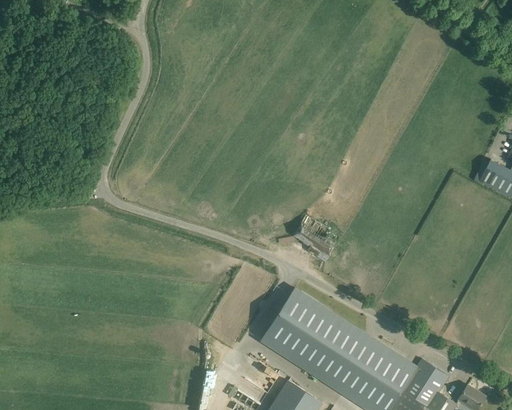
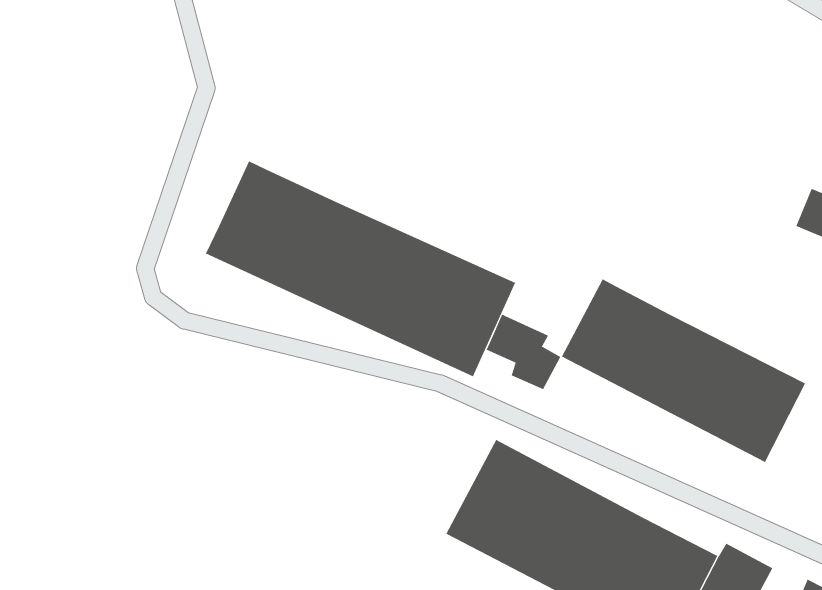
building: none -> [205,161,516,377]
building: none -> [561,278,806,463]

